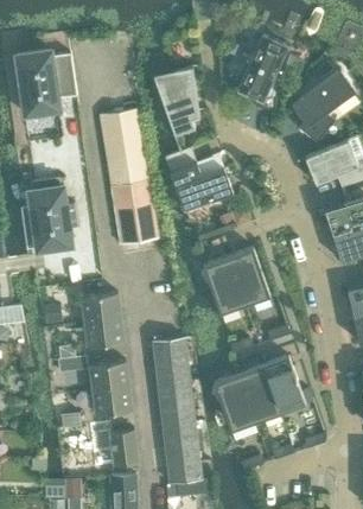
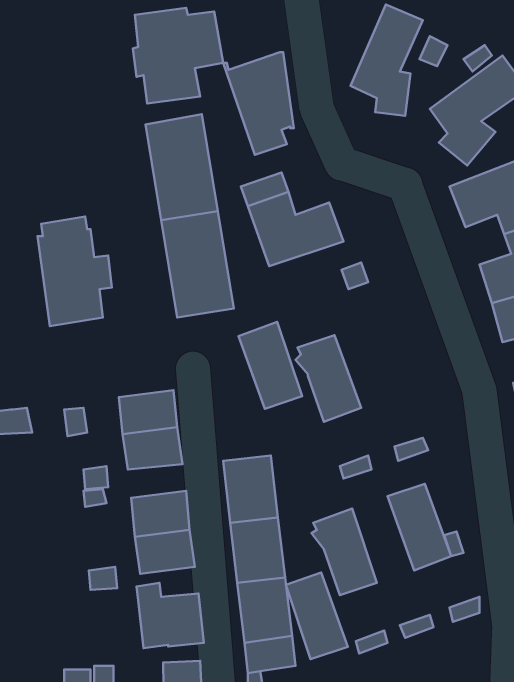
building: [14,52,75,116] -> [133,8,223,103]
building: [227,248,269,306] -> [238,322,302,409]
building: [238,365,280,424] -> [286,572,348,659]

